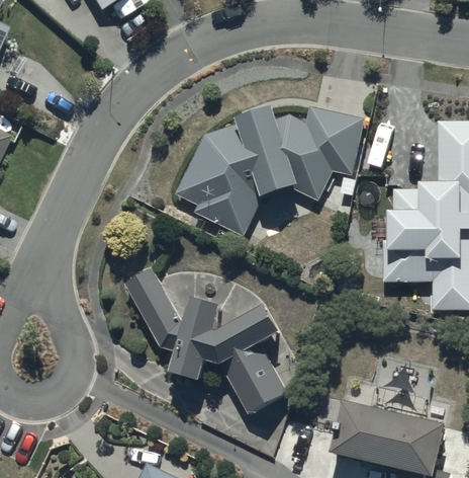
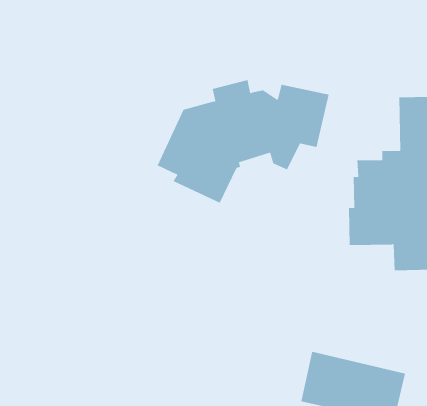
building: [124,267,286,414] -> none

